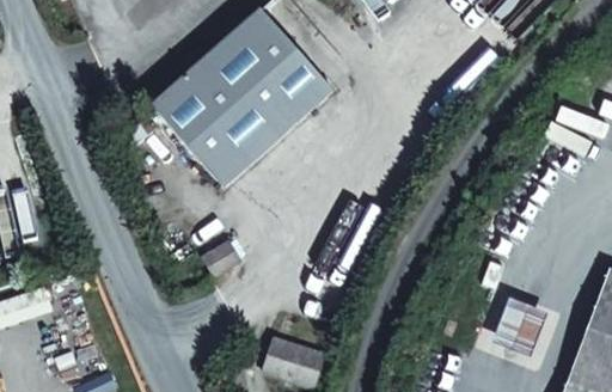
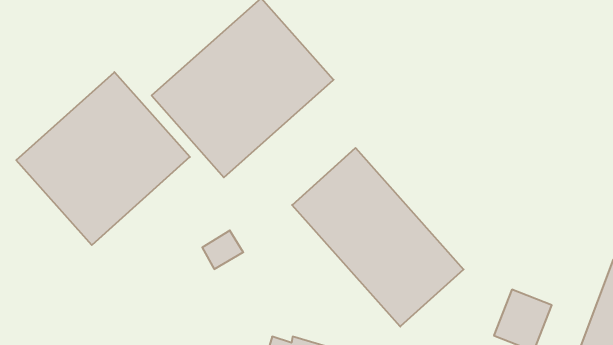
building: none -> [16,72,190,245]
building: none -> [292,148,464,327]

